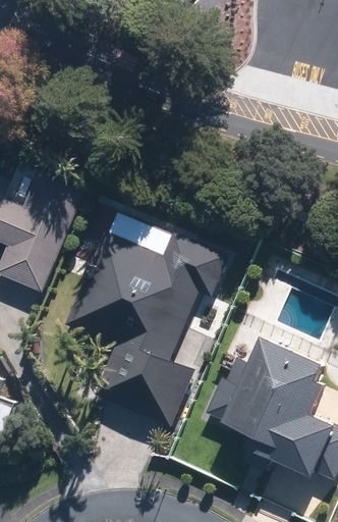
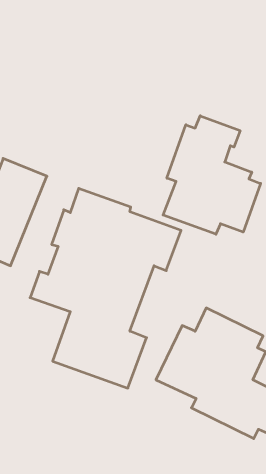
building: none -> [163,116,261,234]

